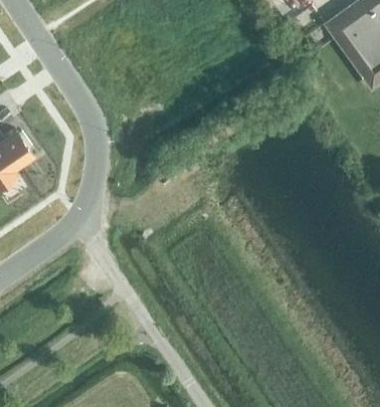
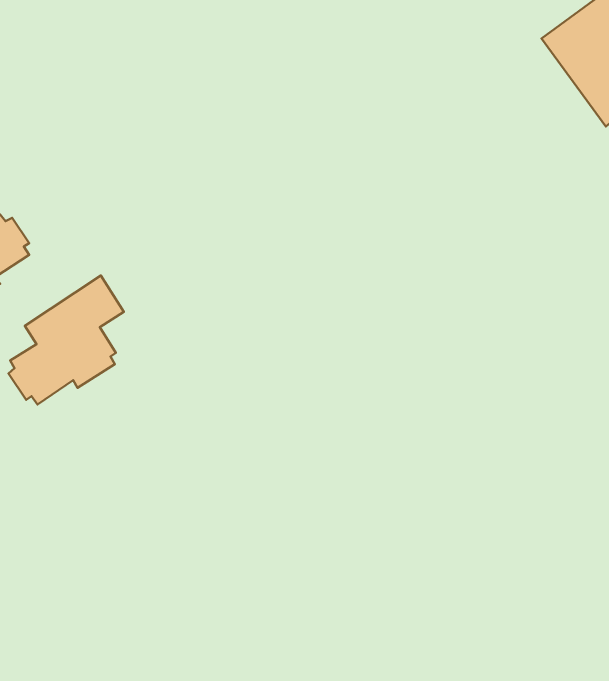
building: none -> [8,275,124,405]

